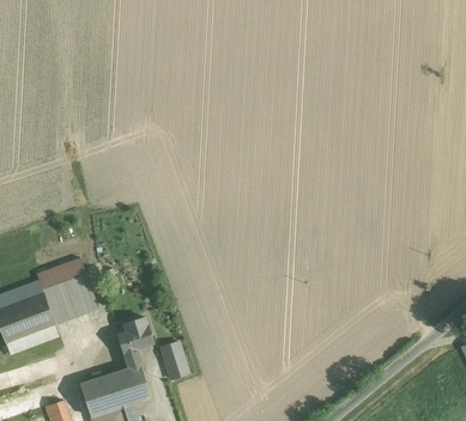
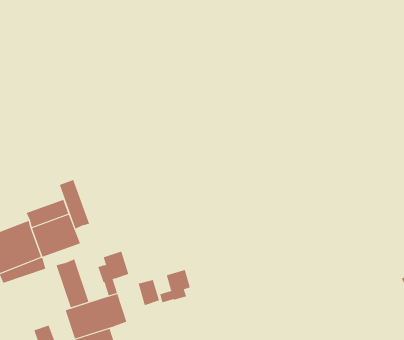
building: none -> [59,179,90,229]
building: none -> [56,258,89,308]
building: none -> [159,269,191,303]

